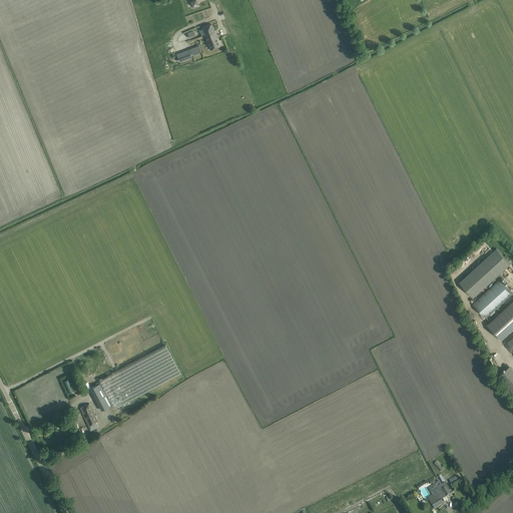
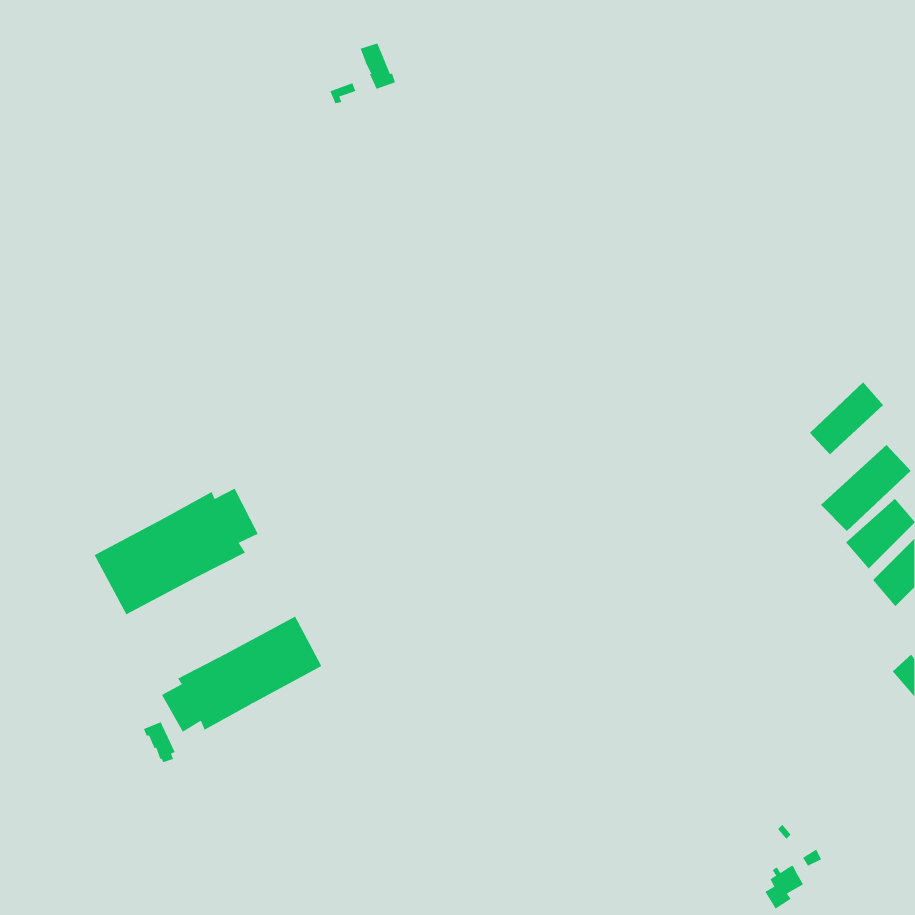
building: none -> [809,382,884,455]
building: none -> [94,488,258,615]

